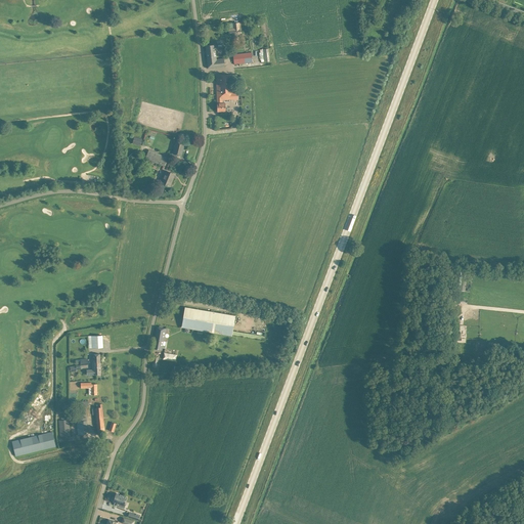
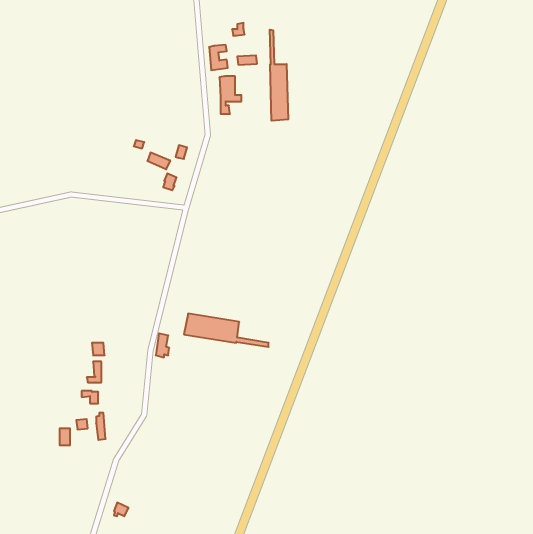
building: none -> [270,30,288,121]
building: [11,432,55,456] -> none

